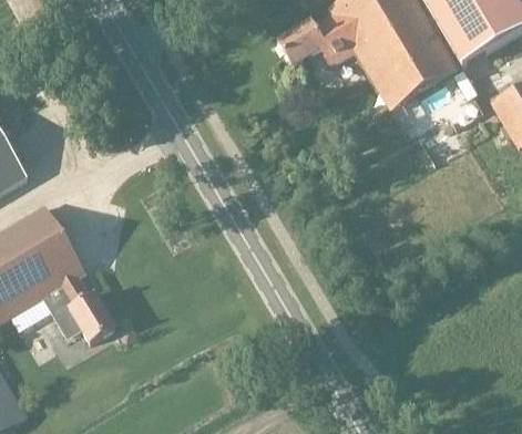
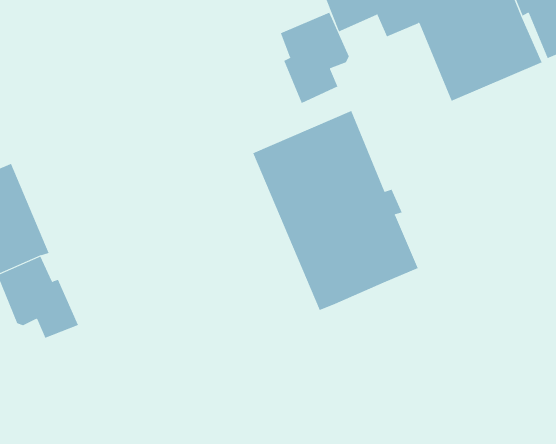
building: none -> [280,12,350,104]
building: none -> [252,110,419,311]

